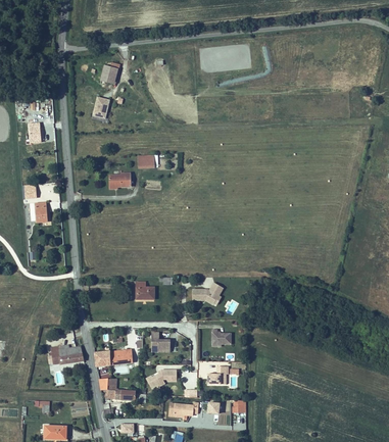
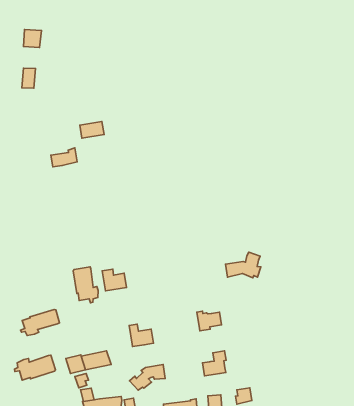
building: none -> [73,267,98,303]
building: [192,283,223,305] -> [225,252,261,278]
building: none -> [21,309,60,335]

